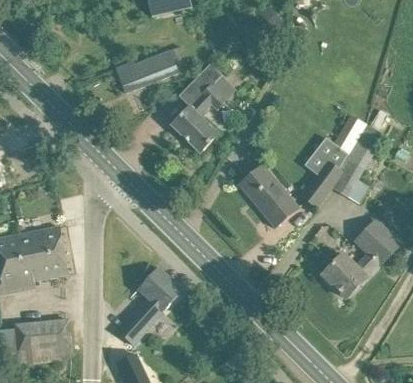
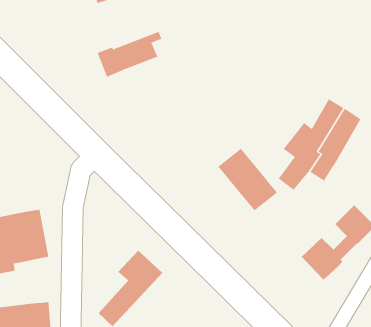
building: [171,64,226,153] -> none

